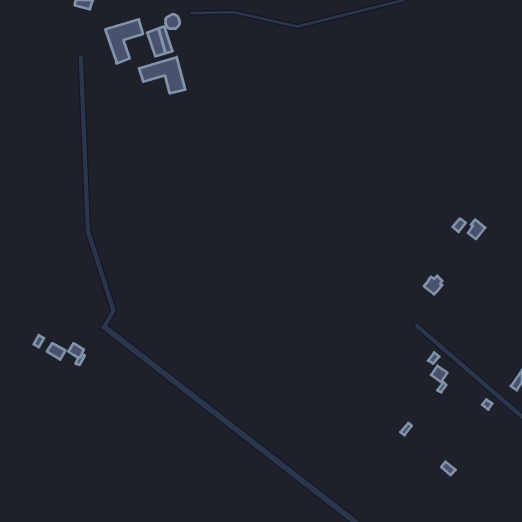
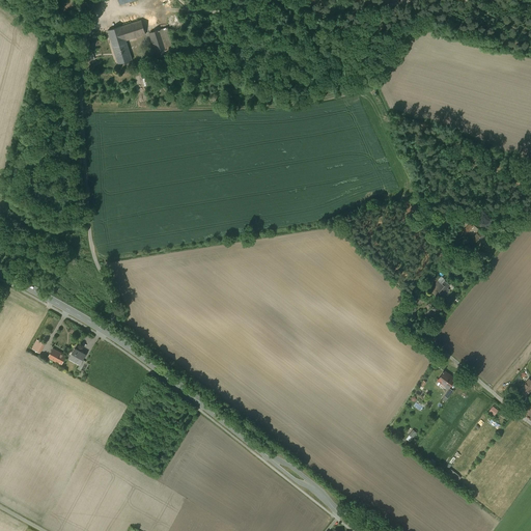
building: [139,57,185,93] -> none

